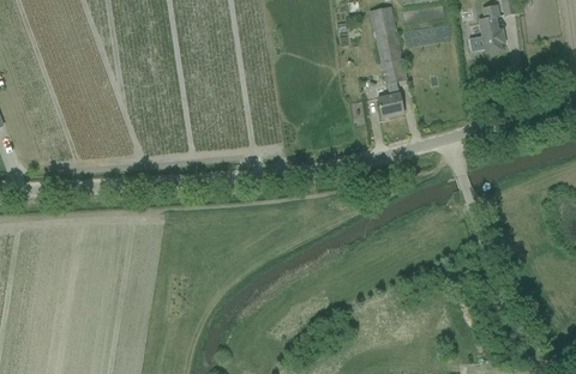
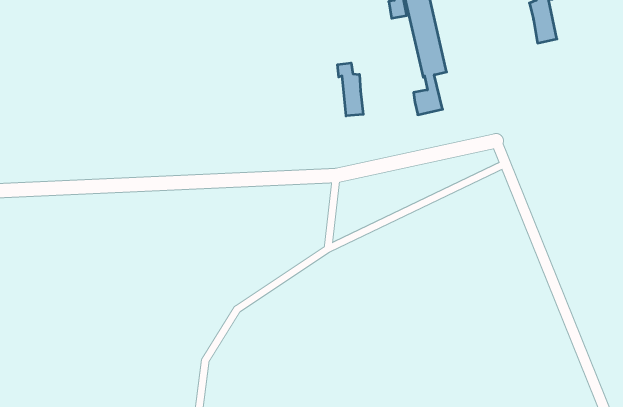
building: none -> [338,63,363,116]

